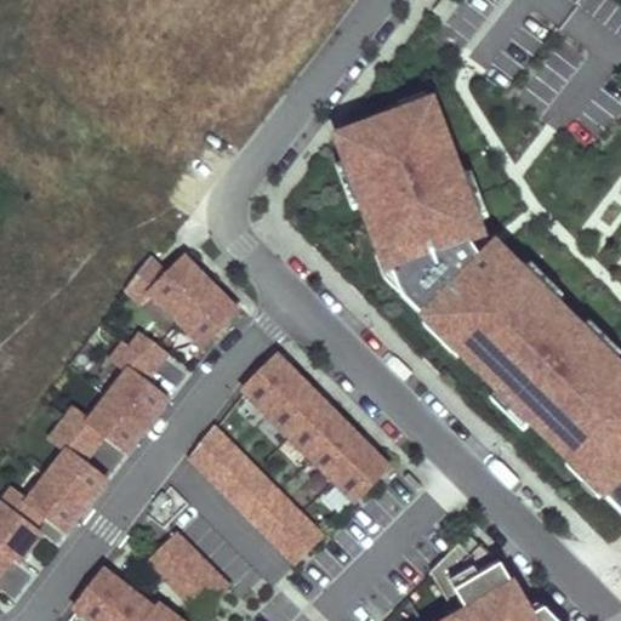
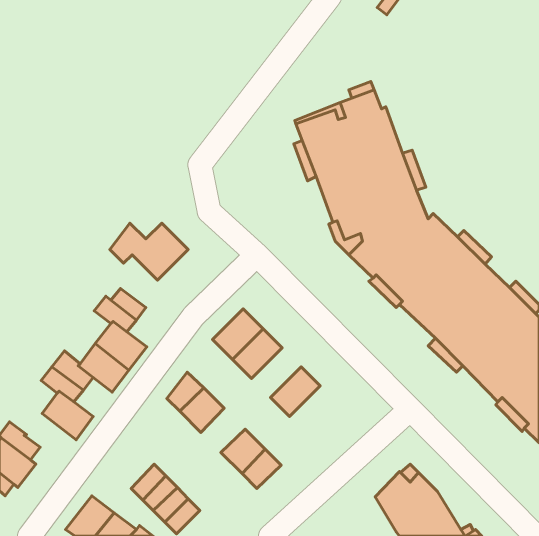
building: [181,286,239,344] -> none
building: [289,399,346,456] -> none
building: [332,443,389,501] -> none
building: [230,468,281,519] -> none
building: [28,474,87,530] -> none

